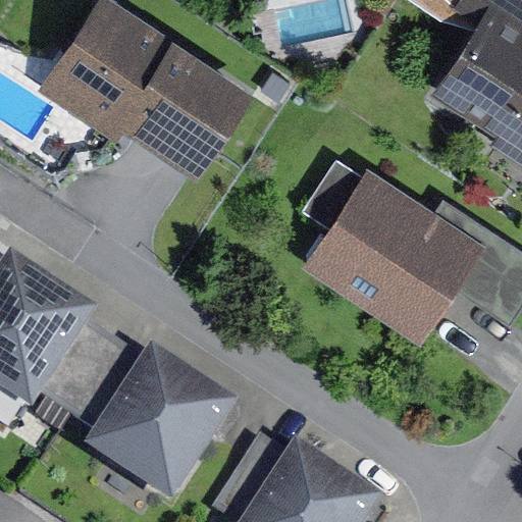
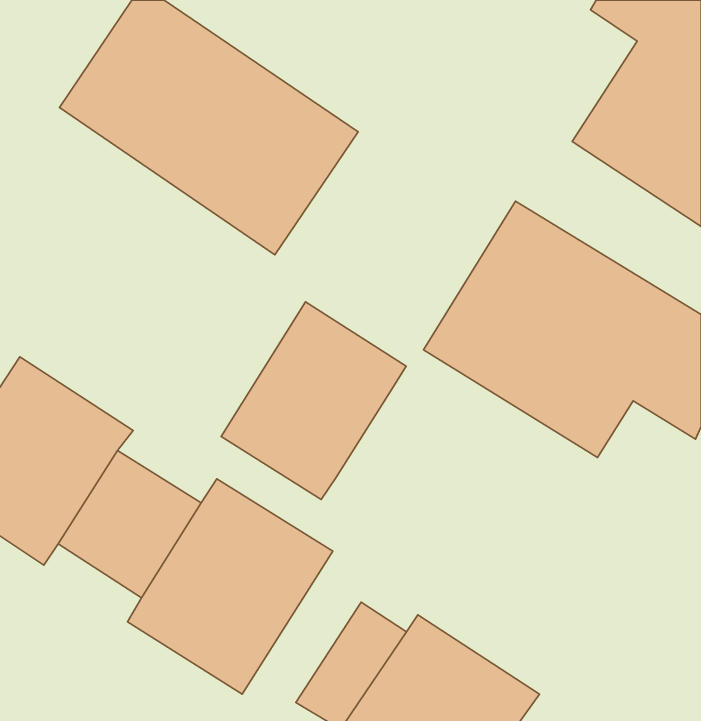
building: none -> [221,302,406,500]

